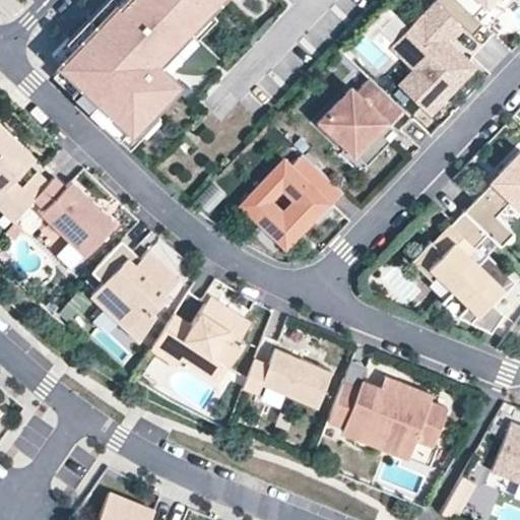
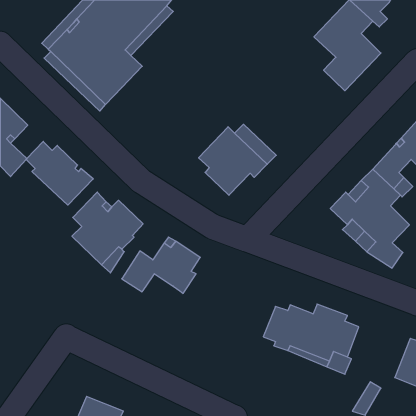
building: [318,78,404,166] -> none
building: [244,348,334,407] -> none

